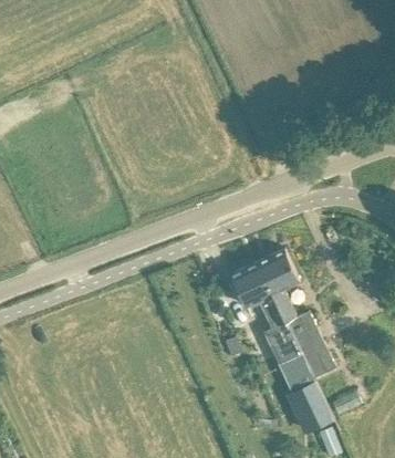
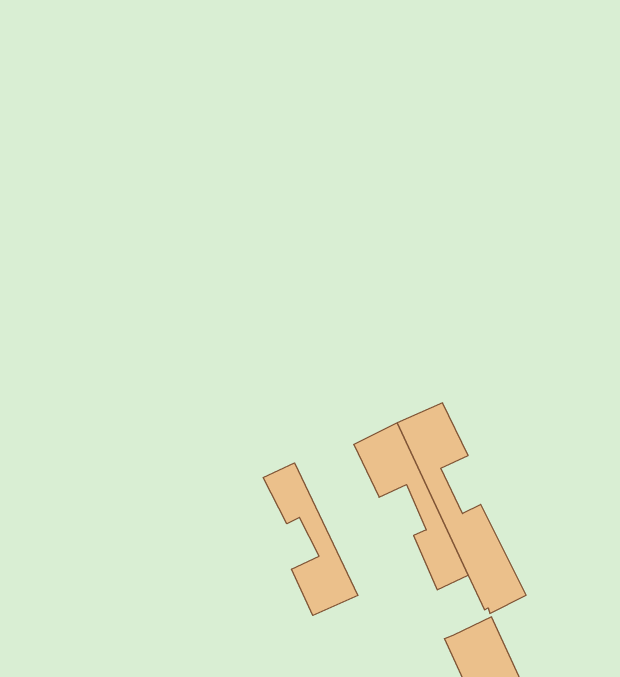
building: none -> [263,463,358,615]

